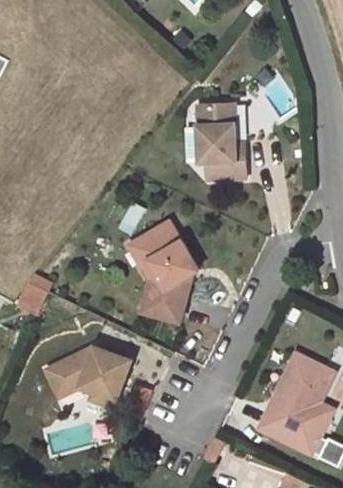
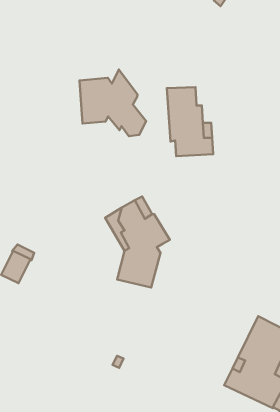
building: none -> [80,70,146,136]
building: [44,346,130,400] -> none

